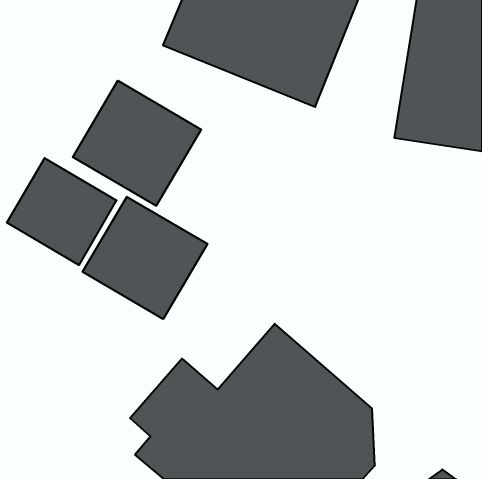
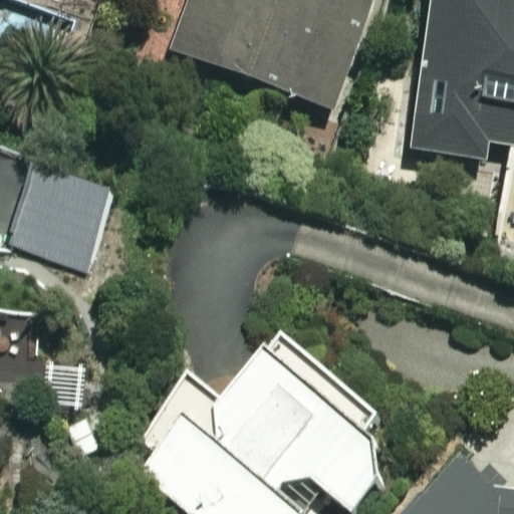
building: [73,81,201,206] -> none
building: [83,197,207,319] -> none

